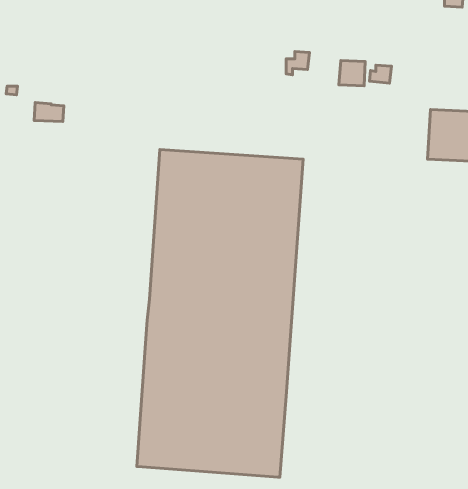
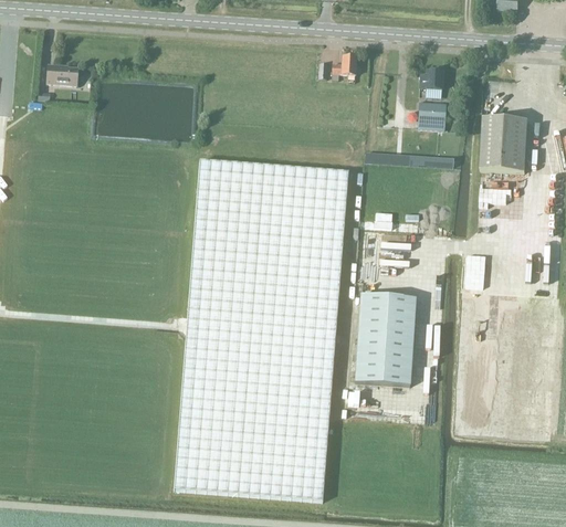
building: [339,61,365,86] -> [417,102,444,128]
building: [34,103,64,122] -> [46,64,77,84]
building: none -> [354,293,416,386]

